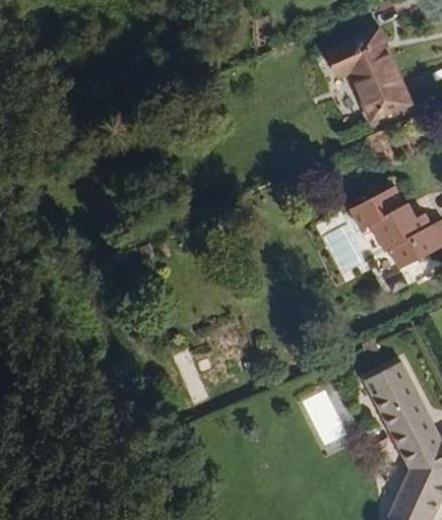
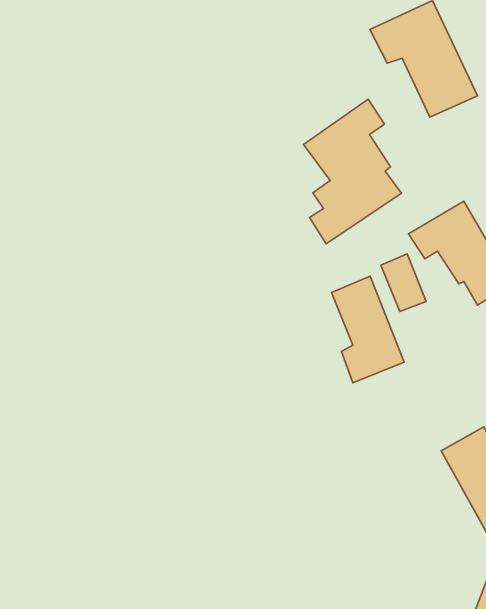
building: none -> [304,99,402,244]
building: none -> [332,276,404,383]

